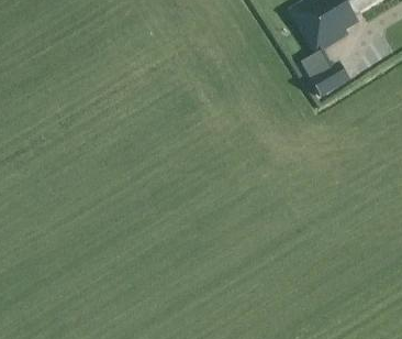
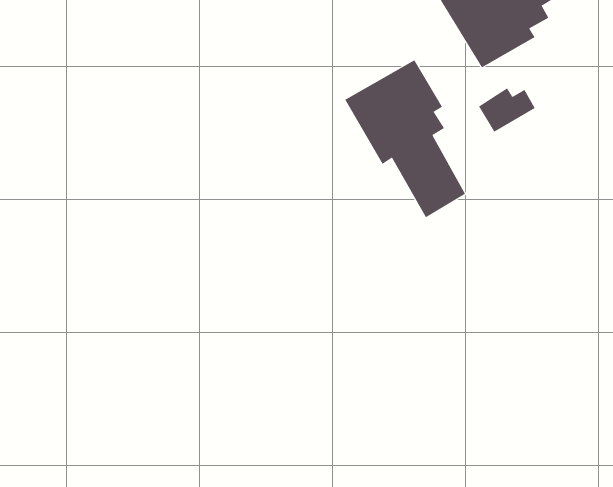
building: none -> [344,60,466,218]

